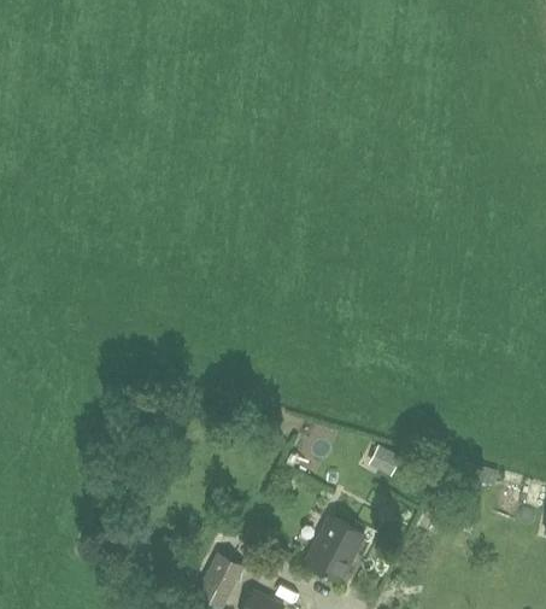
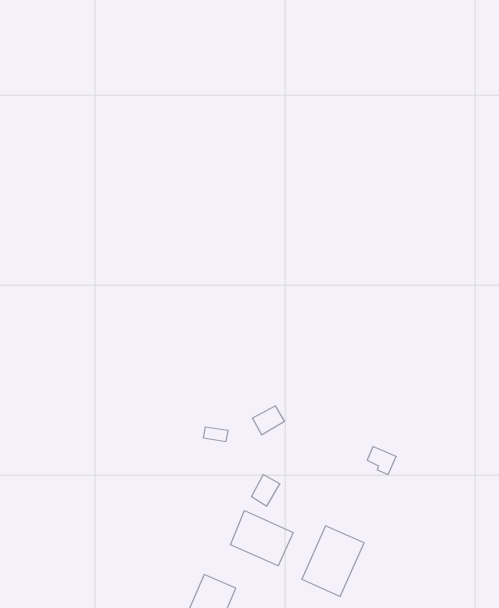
building: none -> [231,511,293,566]

